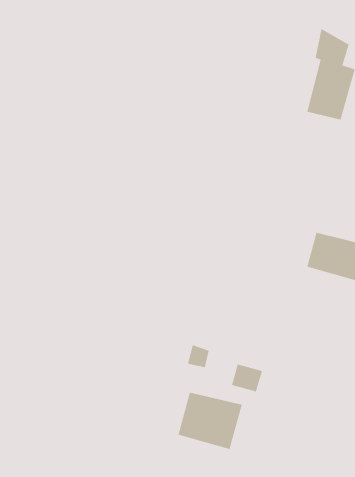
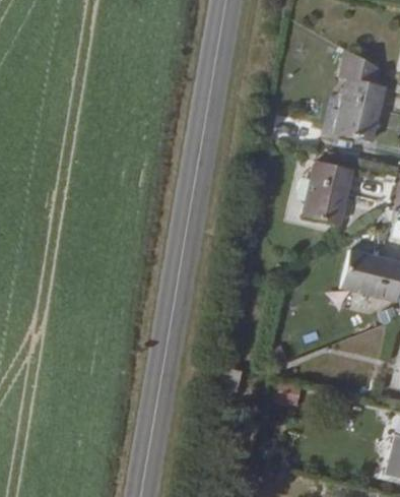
building: none -> [302,160,353,225]
building: [178,392,242,450] -> none

